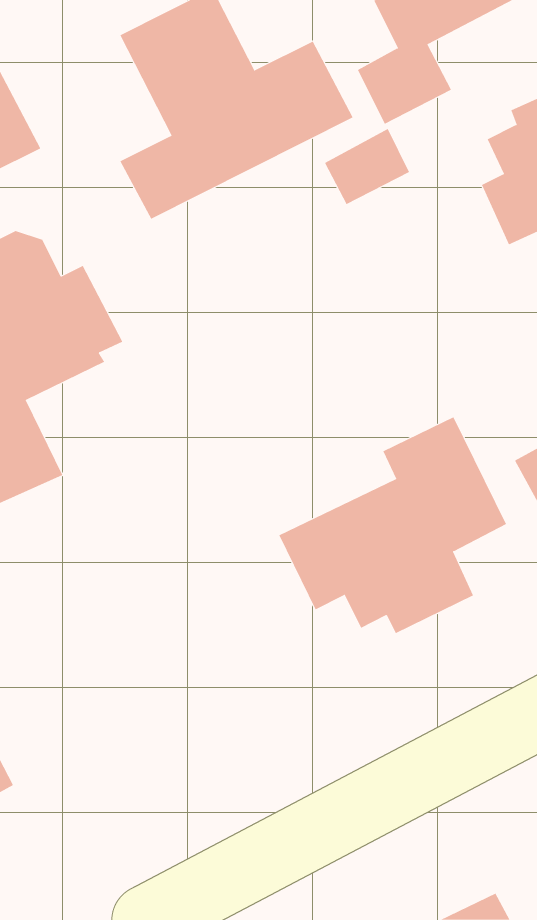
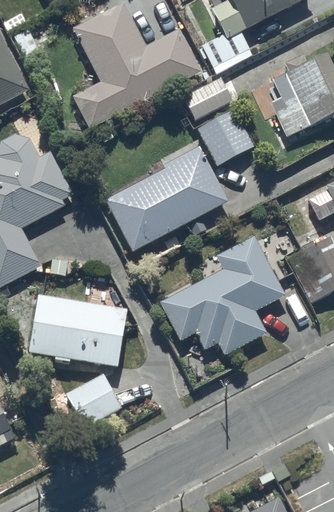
building: none -> [198,110,254,166]
building: none -> [104,144,228,252]
building: none -> [27,294,125,366]
building: none -> [65,372,121,427]

